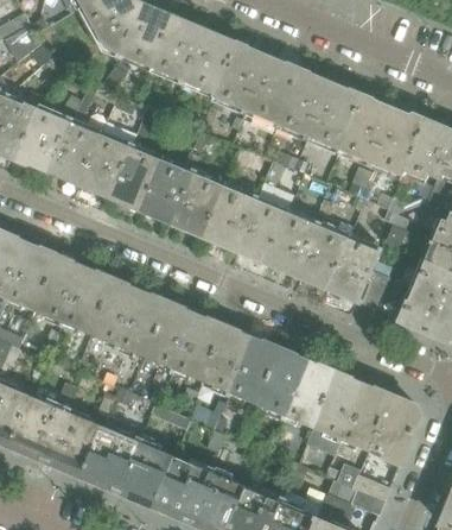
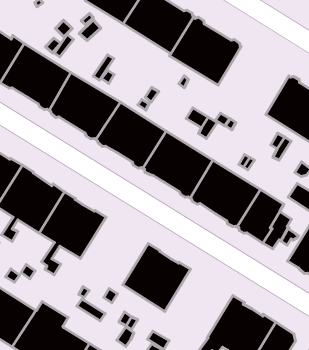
building: [279,70,362,147] -> none
building: [147,302,225,380] -> none
building: [259,348,337,428] -> none

